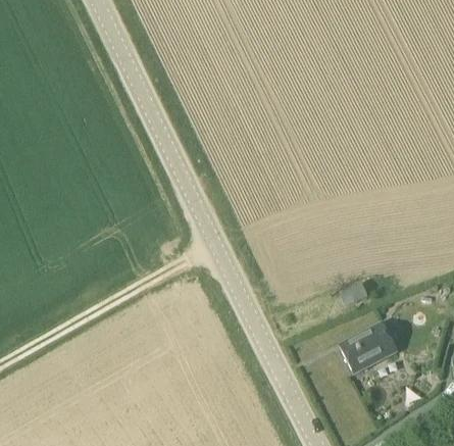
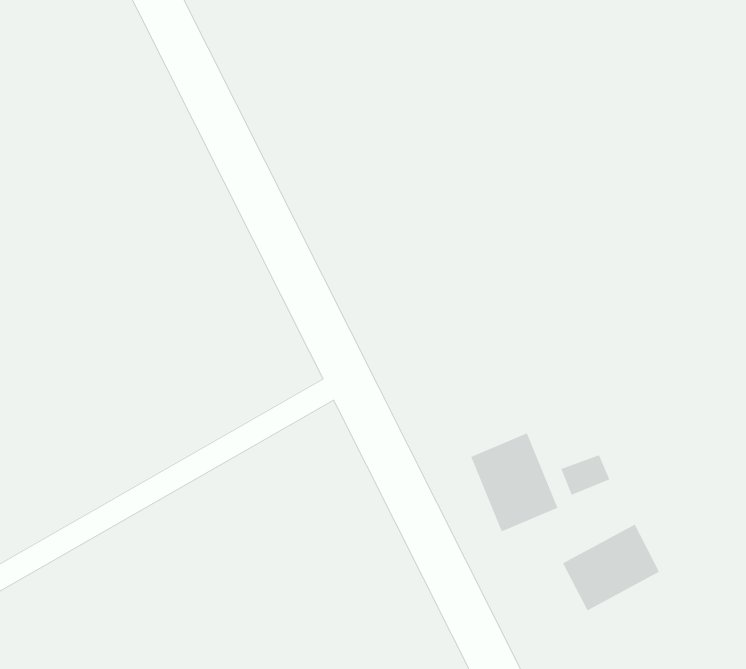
building: none -> [471,432,558,532]

